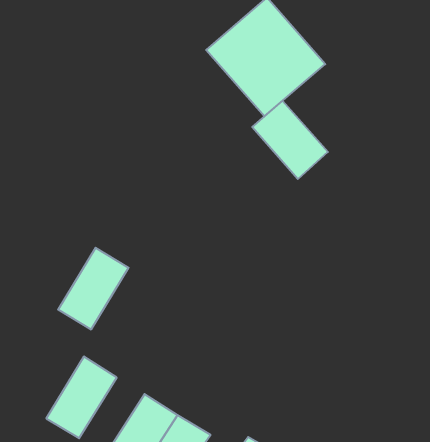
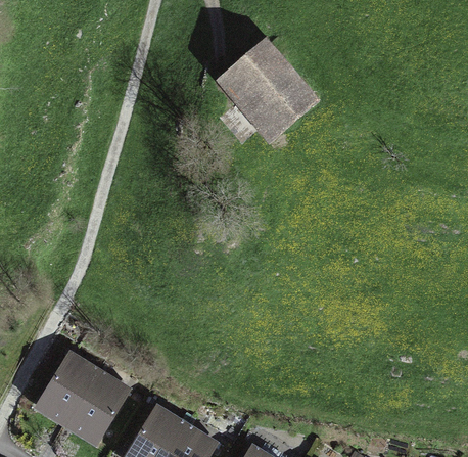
building: [252,101,328,179] -> none
building: [58,248,129,329] -> [34,352,99,427]

